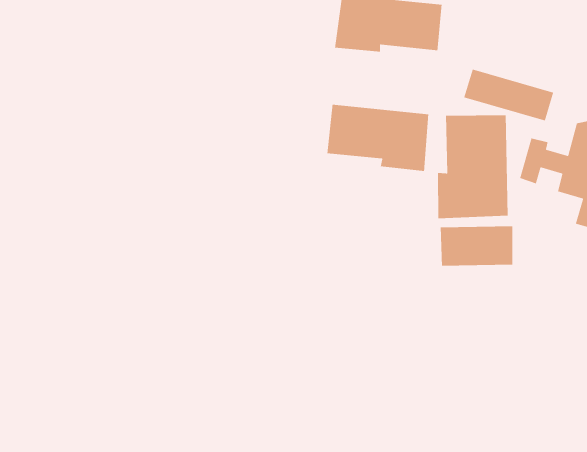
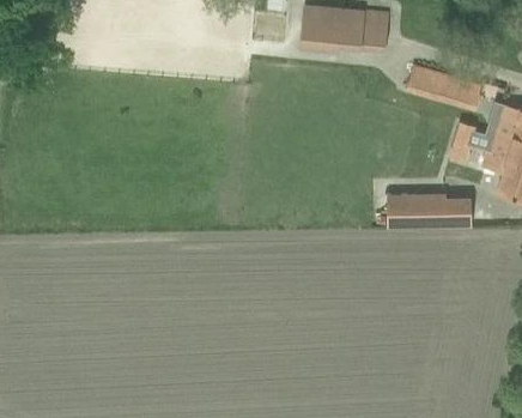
building: [327,104,429,172] -> none
building: [437,114,509,219] -> none

